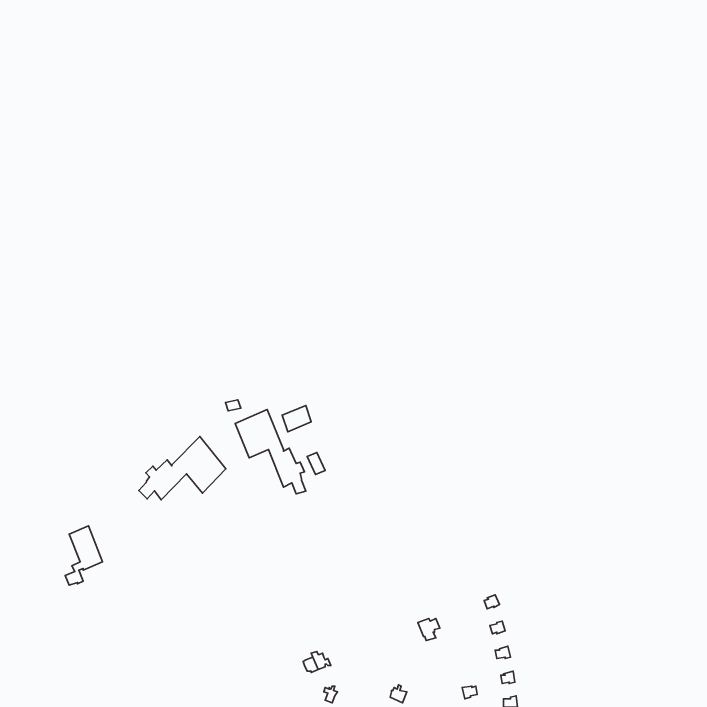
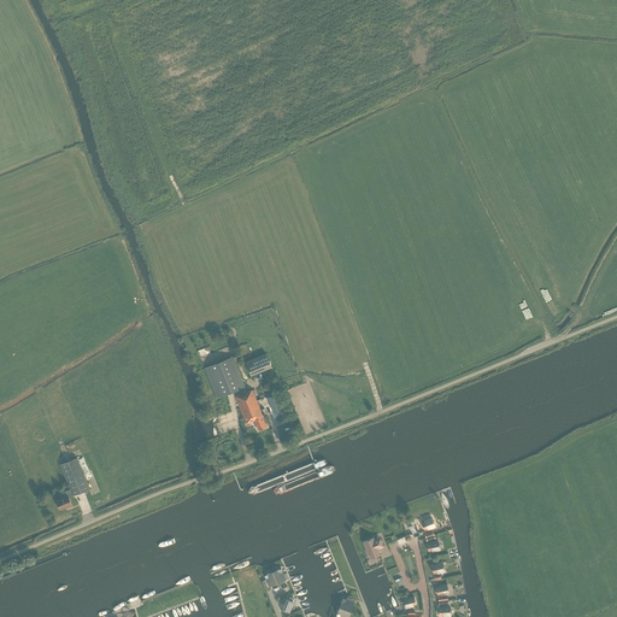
building: [139,437,226,500] -> none

